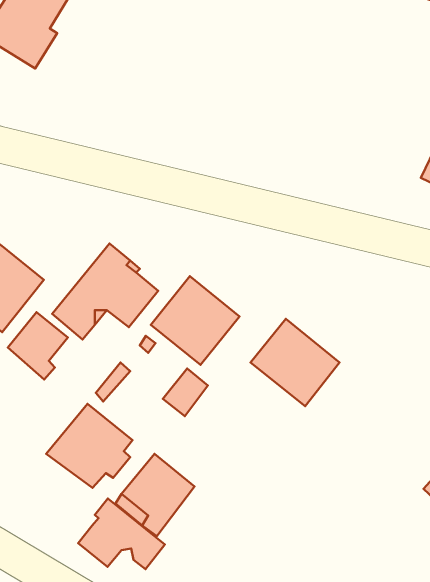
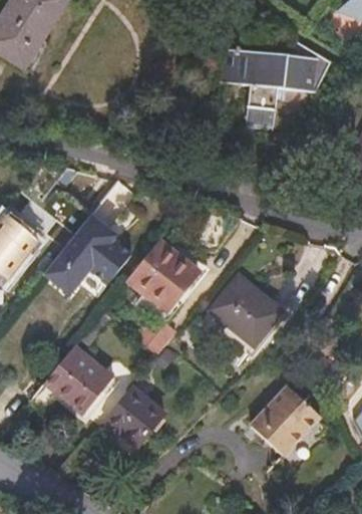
building: none -> [213,30,330,125]
building: [8,312,68,379] -> none
building: none -> [251,386,320,457]
building: [78,498,165,569] -> none

